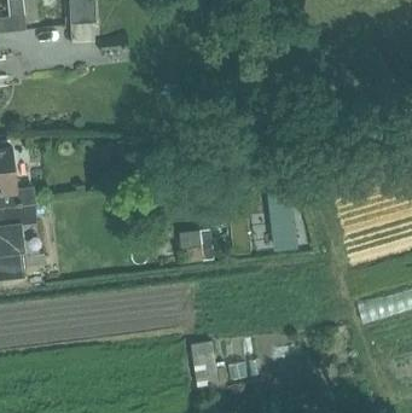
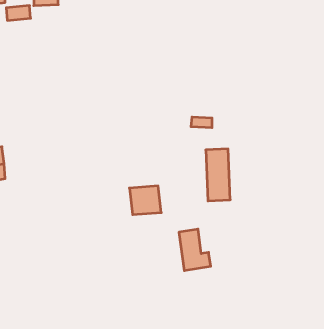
building: [191,341,227,388] -> [179,229,211,271]

